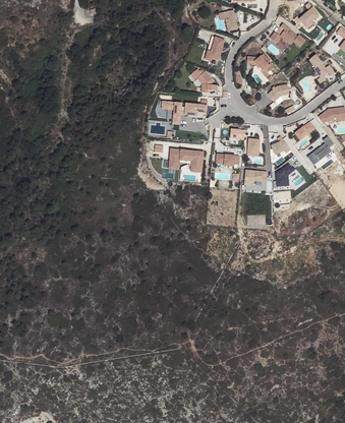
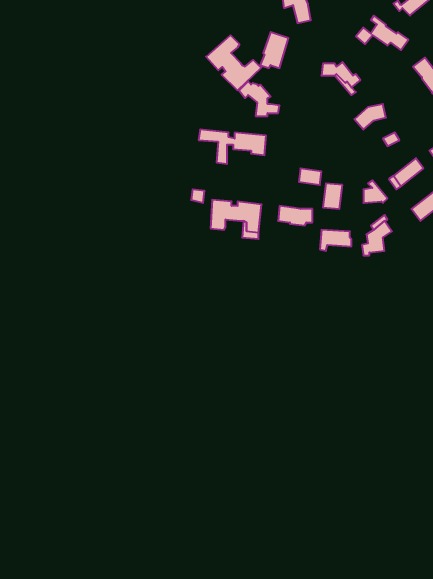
building: none -> [206,35,261,90]

